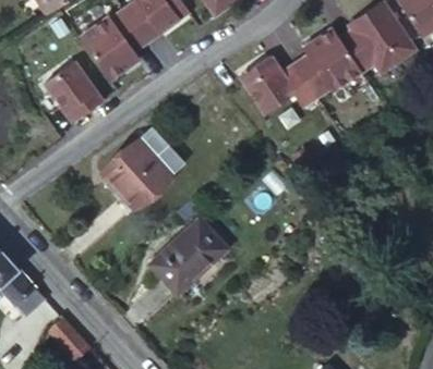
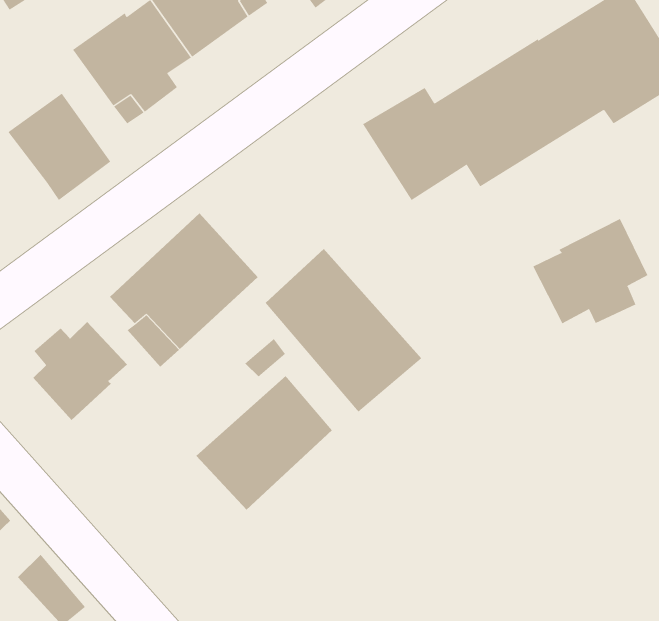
building: none -> [533,218,648,324]
building: none -> [265,248,422,412]
building: none -> [33,321,128,421]

